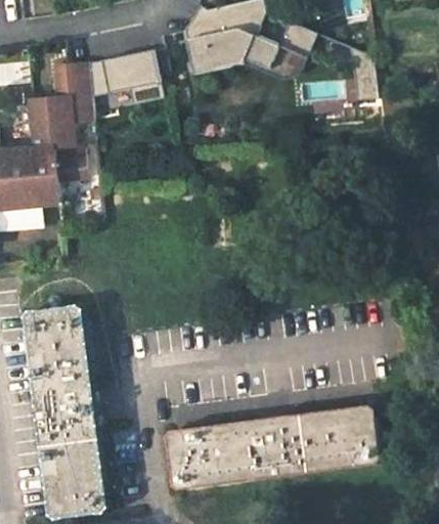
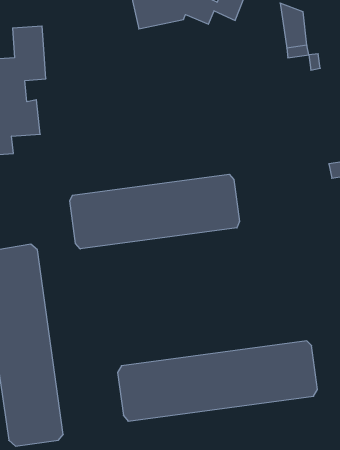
building: [87,49,162,104] -> none
building: none -> [70,174,239,249]

